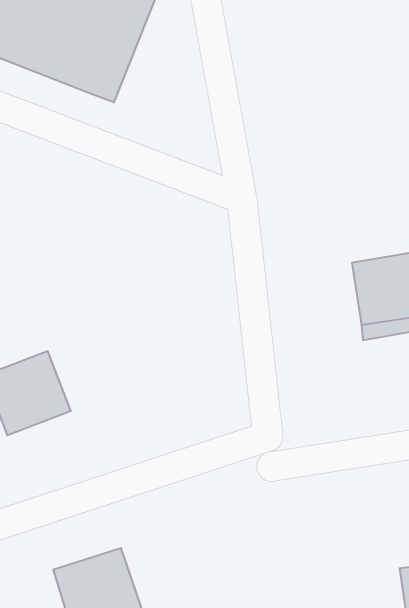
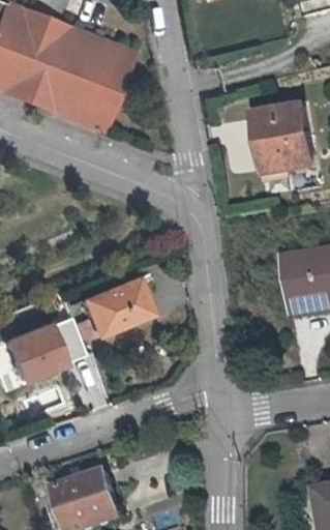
building: none -> [256,105,312,175]
building: none -> [69,279,144,343]

